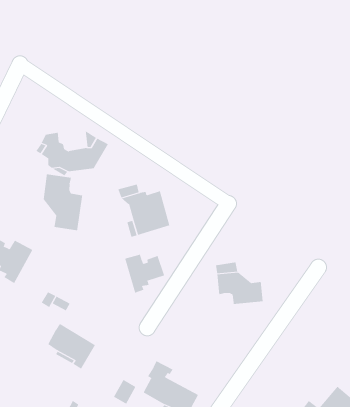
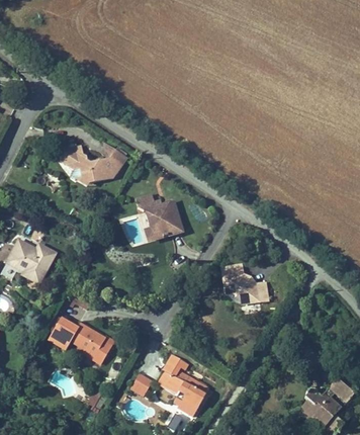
building: [43,174,83,231] -> none
building: [124,254,165,293] -> none
building: none -> [47,316,77,348]

